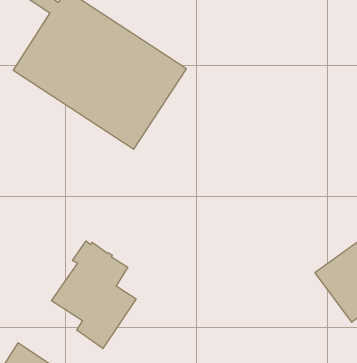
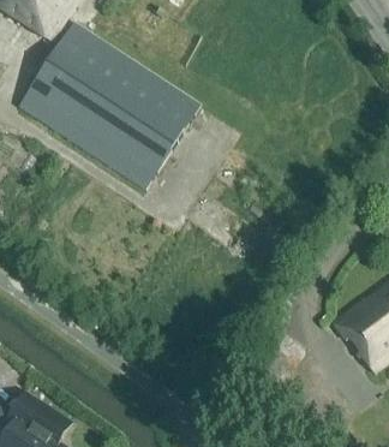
building: [52,241,136,349] -> none

